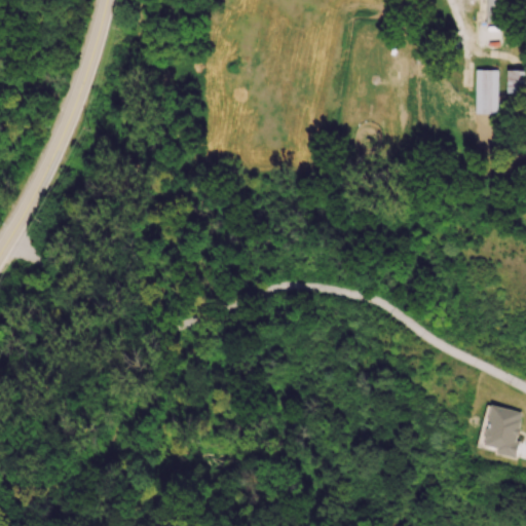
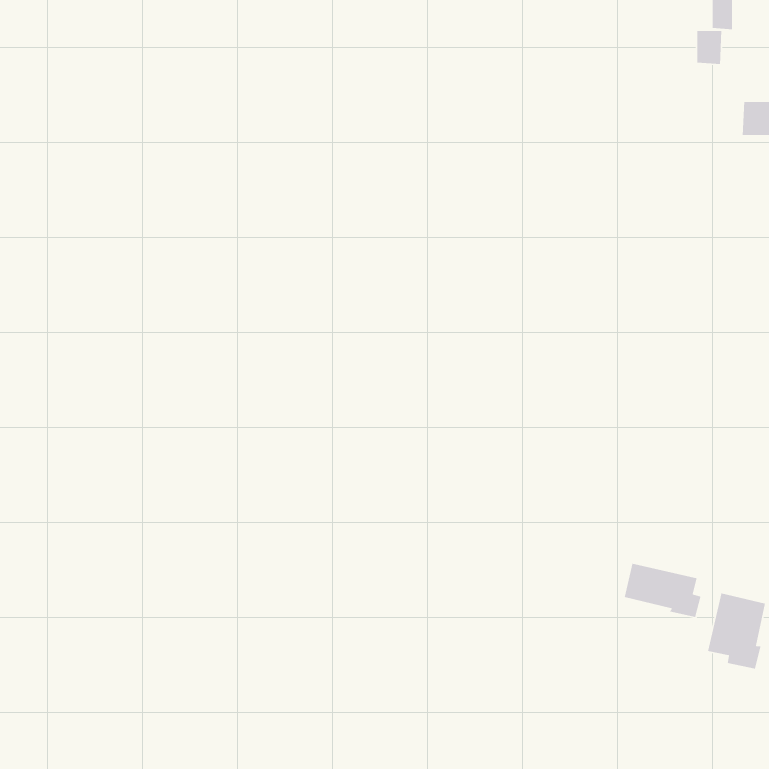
building: [476,69,498,113] -> none
building: none -> [624,563,702,618]

